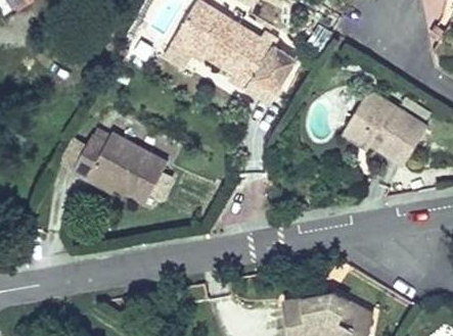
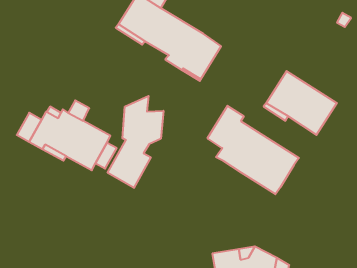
building: none -> [108,96,163,188]
building: none -> [207,106,299,194]

